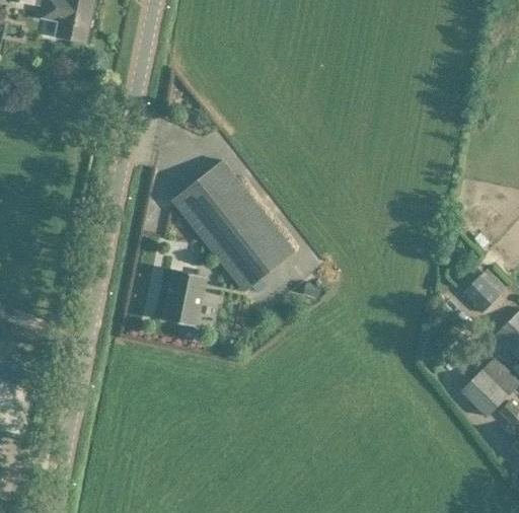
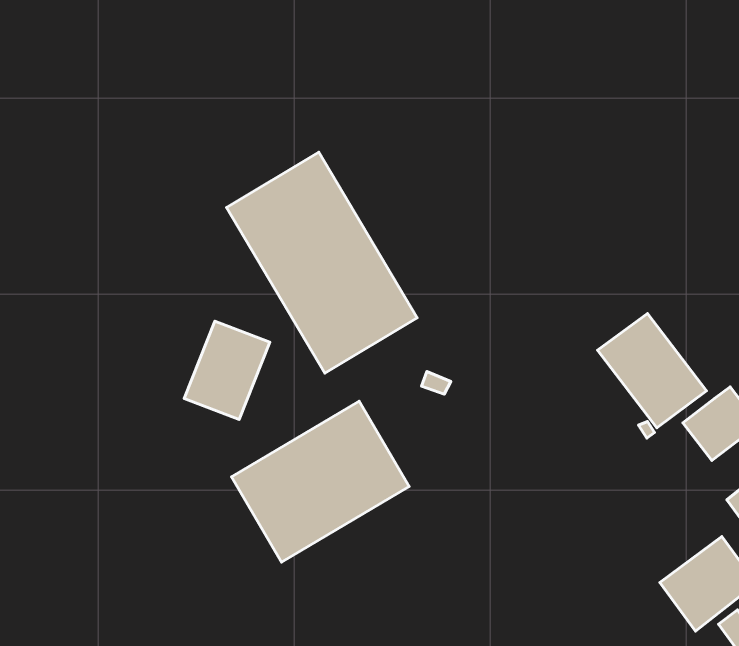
building: none -> [598,313,707,428]
building: none -> [232,401,409,562]

